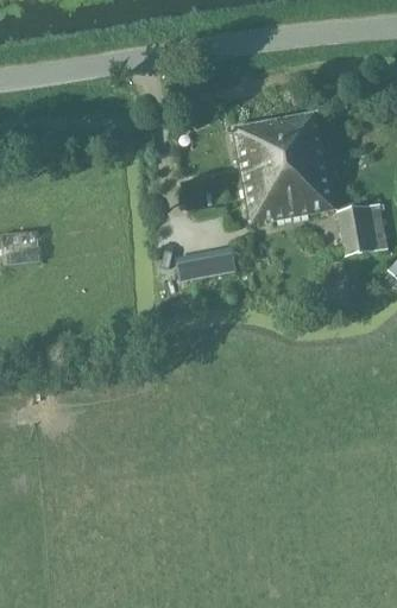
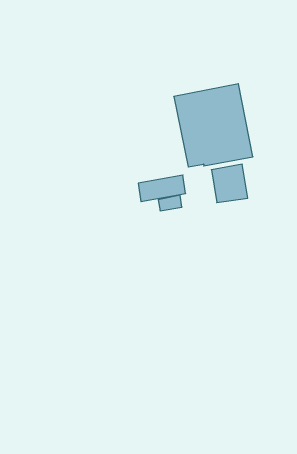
building: [339,203,386,253] -> [211,164,248,203]

